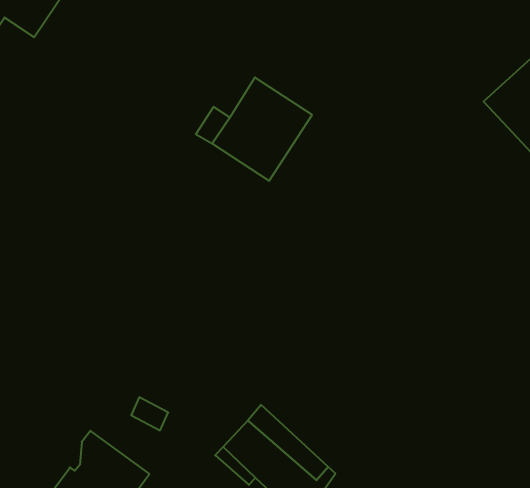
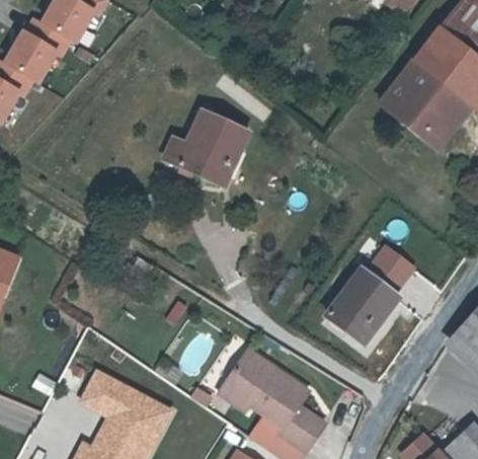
building: none -> [366,243,414,289]
building: none -> [326,274,396,347]
building: none -> [85,377,125,422]

